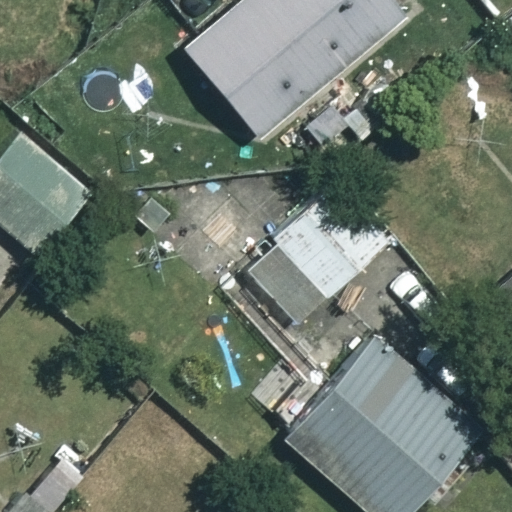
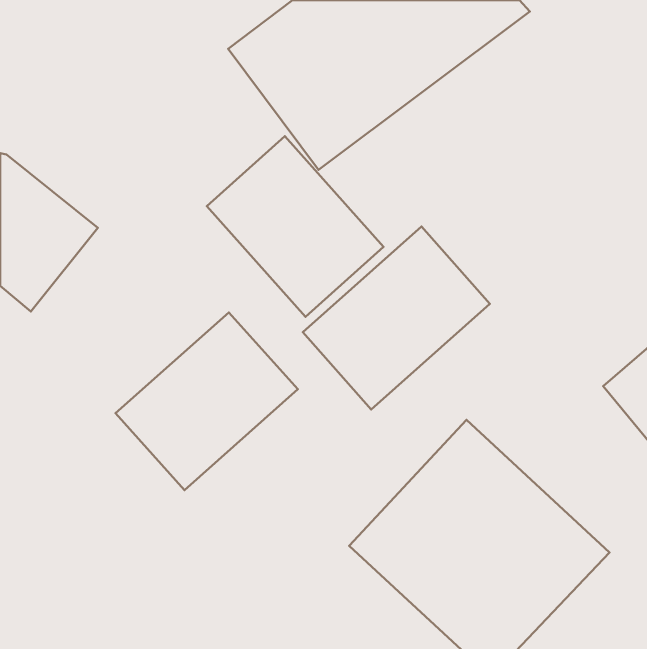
building: none -> [207,136,384,317]
building: none -> [115,312,298,490]

